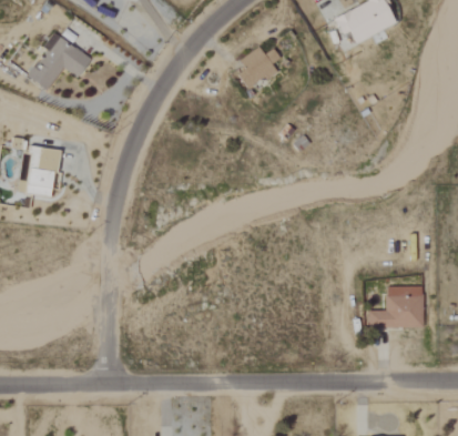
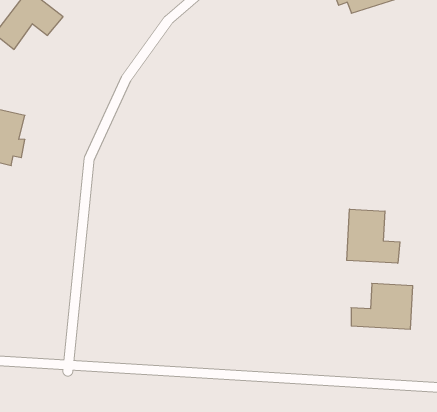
building: [238,47,281,90] -> none
building: none -> [347,209,400,263]

